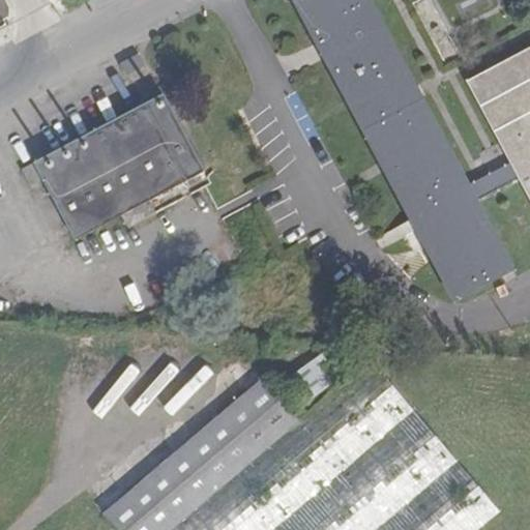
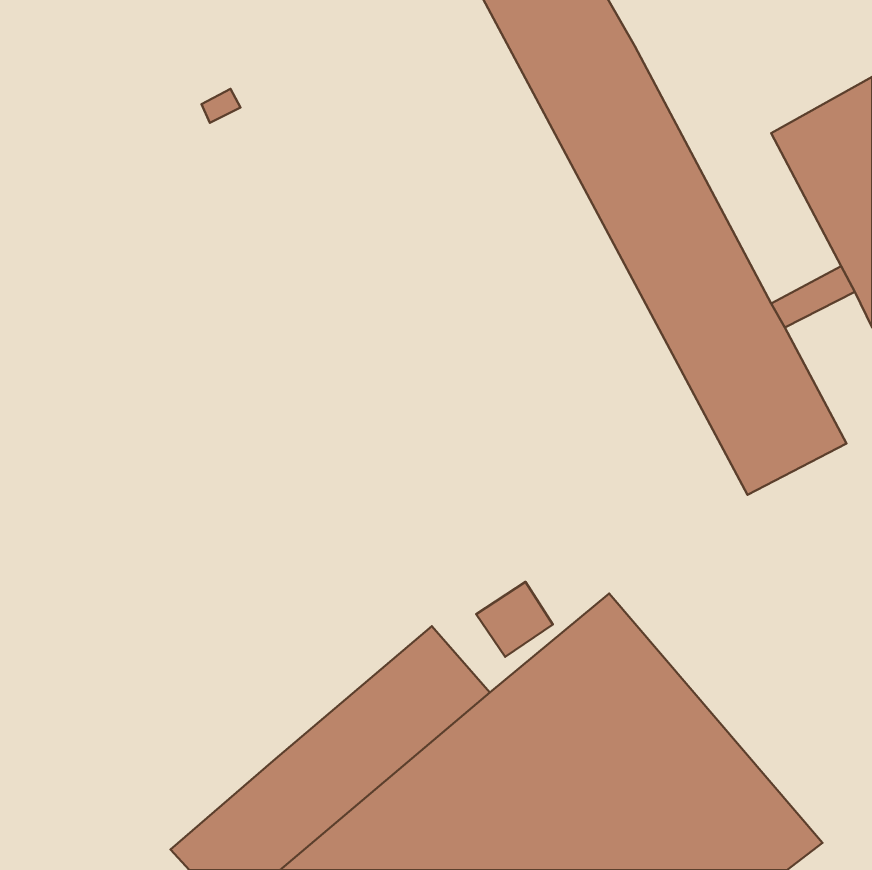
building: [22,94,203,238] -> none

